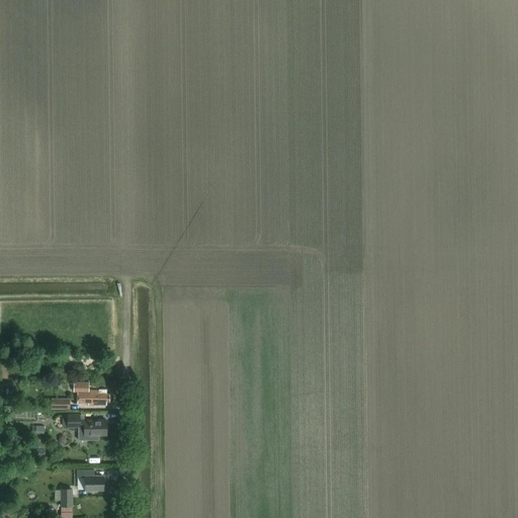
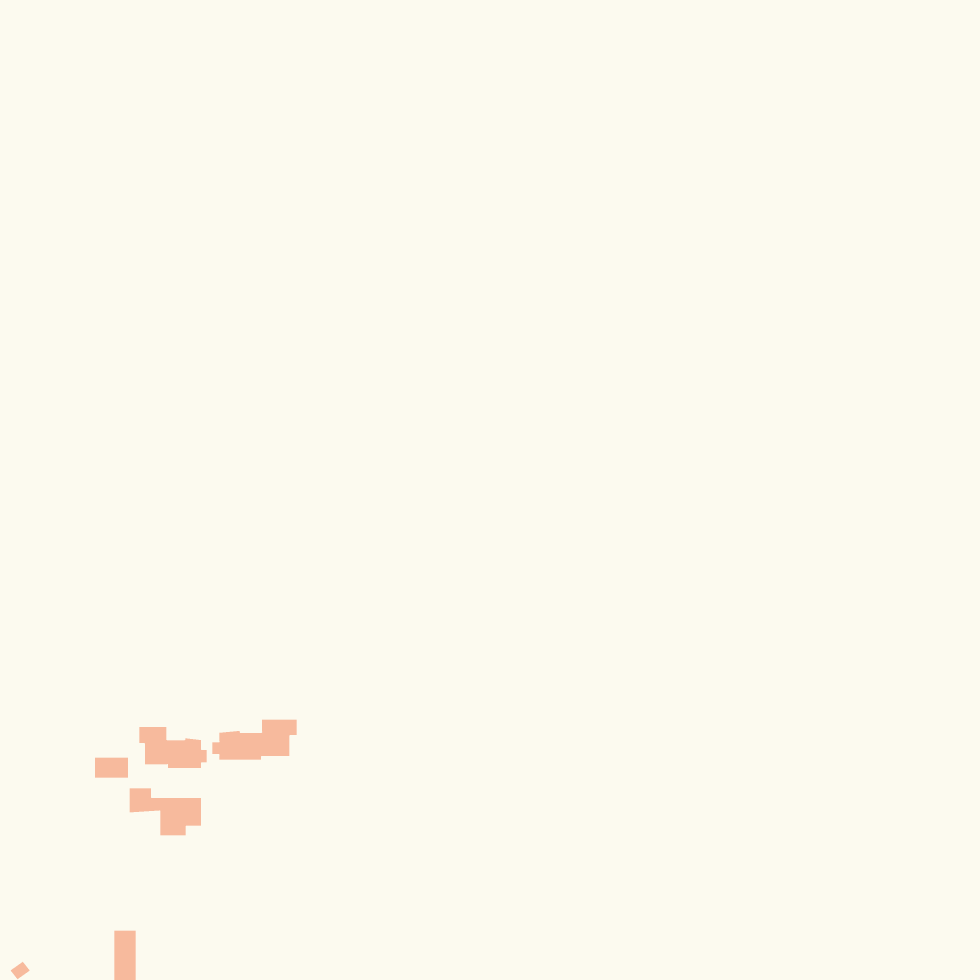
building: none -> [212,719,297,761]
building: [76,470,103,491] -> none

